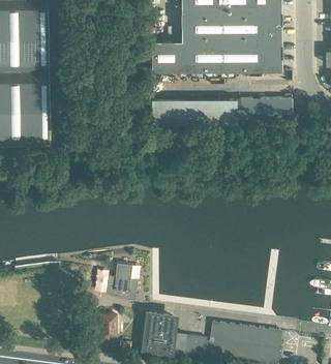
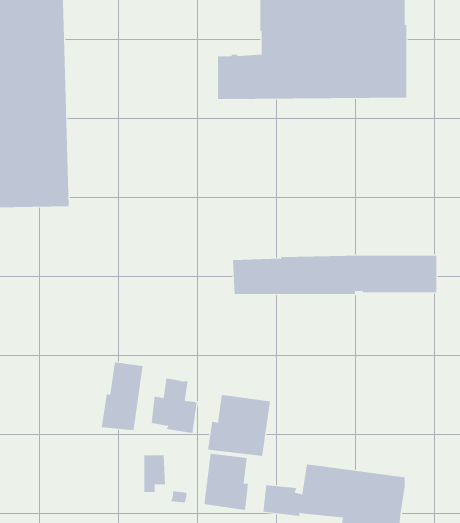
building: [150,96,291,123] -> [232,255,437,294]
building: none -> [101,361,143,431]
building: none -> [207,394,270,457]

